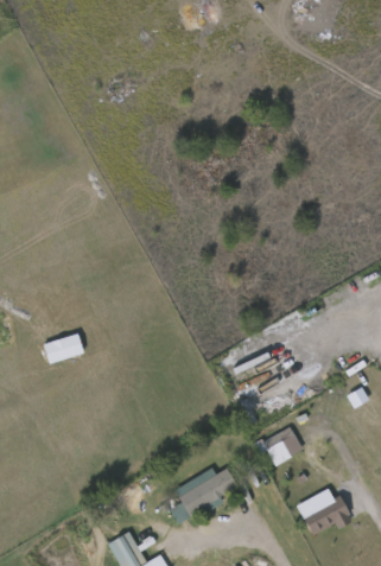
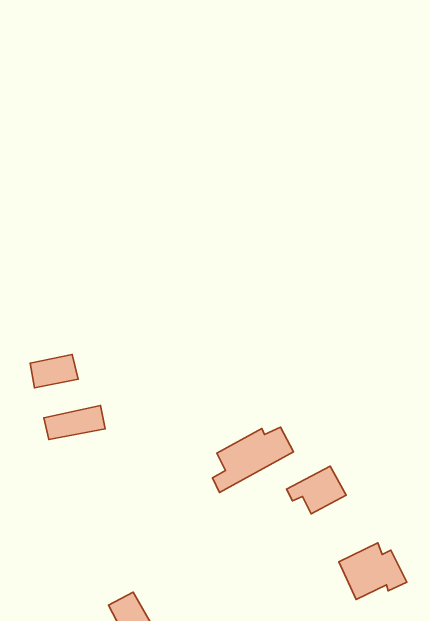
building: none -> [44,406,105,439]
building: [171,465,237,519] -> [212,427,294,492]

